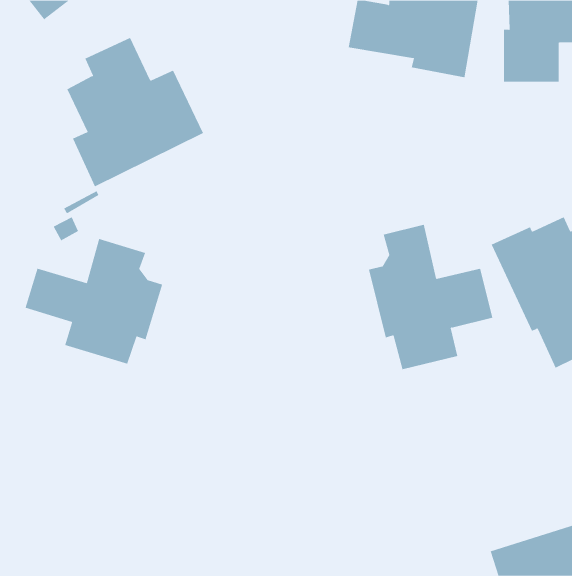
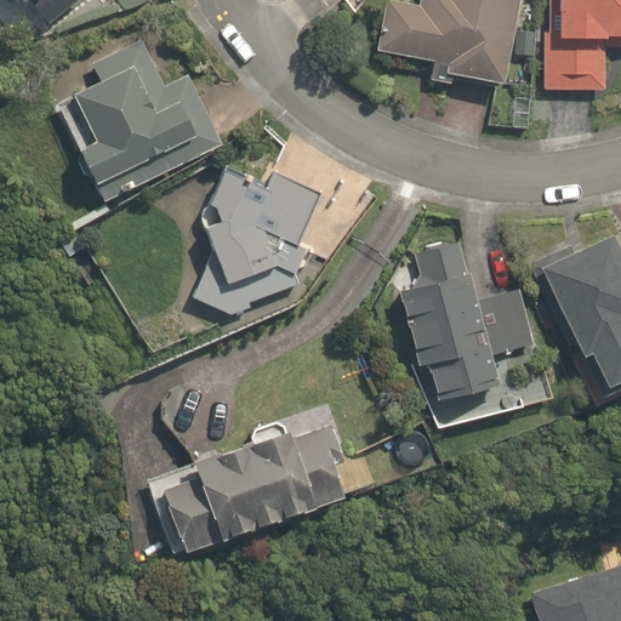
building: none -> [188,171,323,317]
building: [25,238,163,364] -> none
building: none -> [152,421,346,558]

